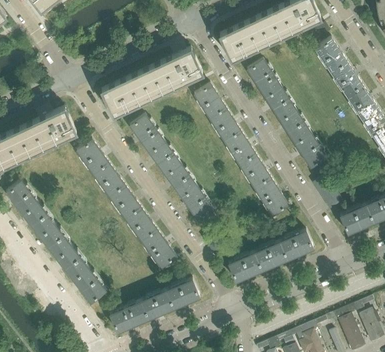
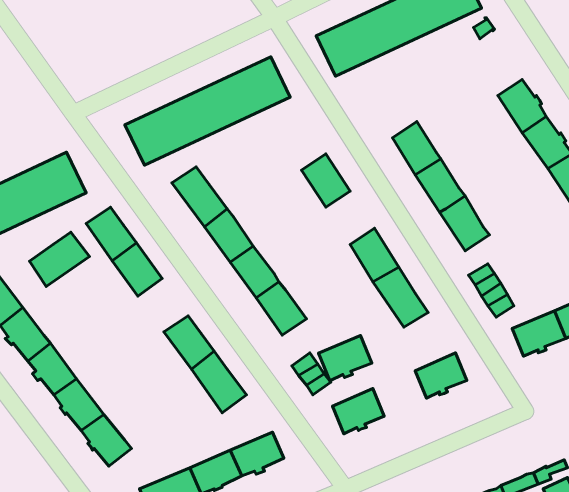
building: [316,39,346,72] -> none
building: [248,60,281,98] -> none
building: [195,85,225,118] -> none
building: [225,131,255,164] -> none
building: none -> [30,232,89,286]
building: [109,185,140,218] -> none
building: [254,242,287,270] -> [318,336,372,381]

